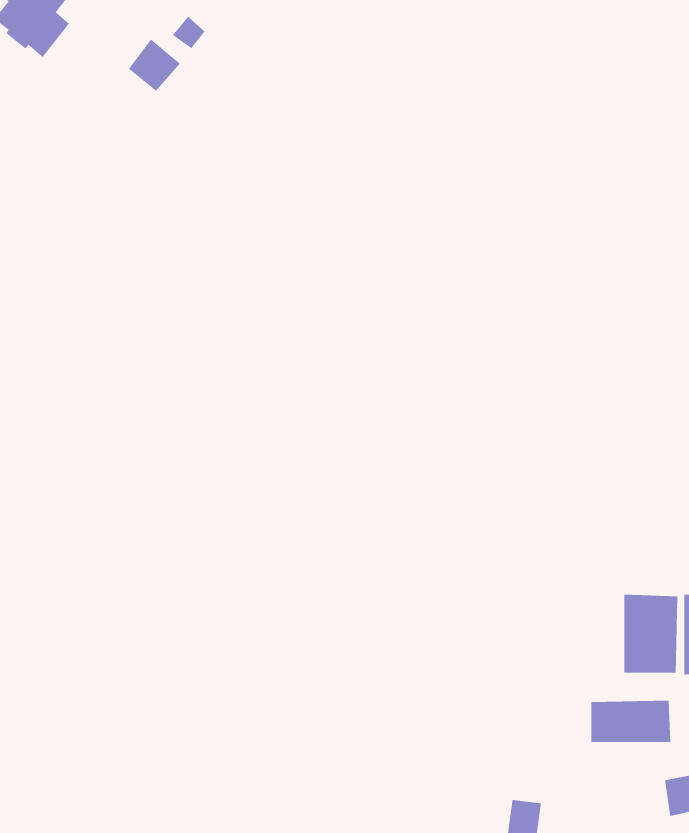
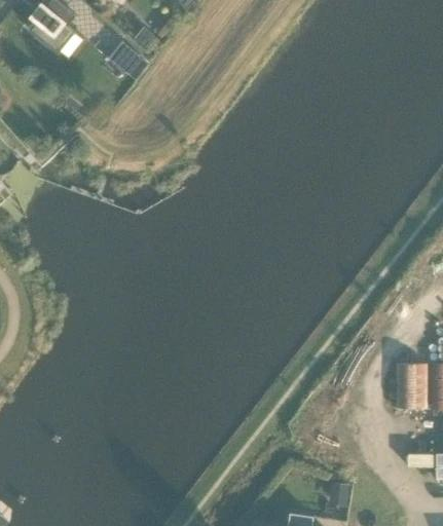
building: [591,700,671,743] -> none

